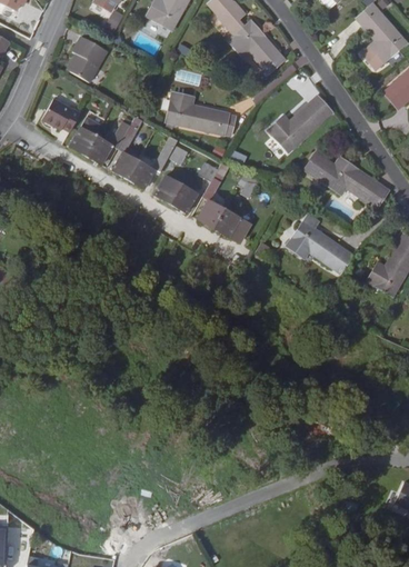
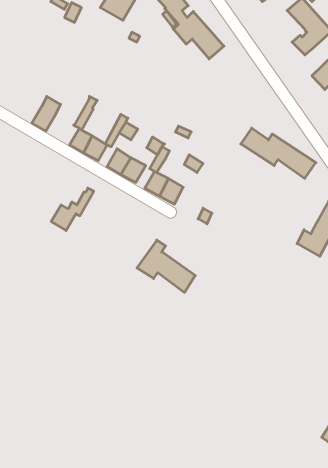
building: [66,36,107,82] -> none
building: [166,92,235,136] -> none
building: [268,96,331,152] -> none
building: [41,98,79,131] -> none
building: [84,117,132,165] -> [51,188,94,231]
building: [286,215,351,273] -> [137,240,195,292]

